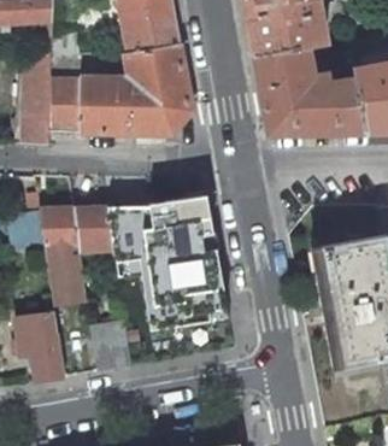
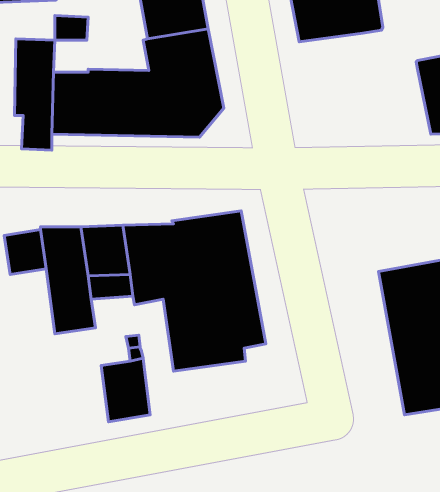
building: [254,47,364,134] -> none
building: [16,312,63,381] -> none

